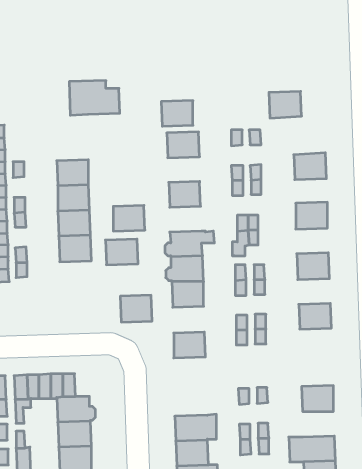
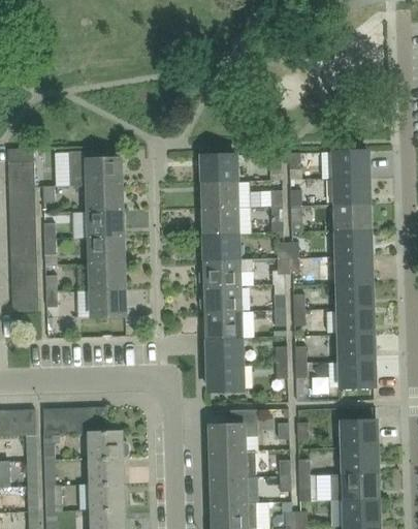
building: [69,81,120,115] -> [68,151,121,187]
building: [269,91,302,118] -> [333,152,367,180]
building: [161,101,193,126] -> [203,182,236,209]
building: none -> [335,205,369,230]
building: [113,205,145,231] -> [205,234,238,260]
building: none -> [336,256,371,283]
building: [105,239,138,265] -> [91,290,125,317]
building: none -> [339,309,373,336]
building: [120,295,152,322] -> [208,338,242,366]
building: none -> [341,361,374,387]
building: none -> [211,410,258,453]
building: none -> [344,447,377,474]

